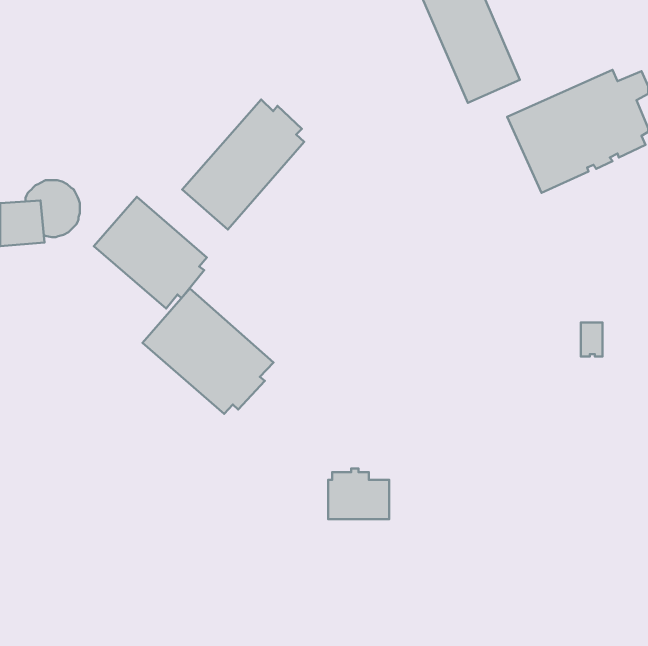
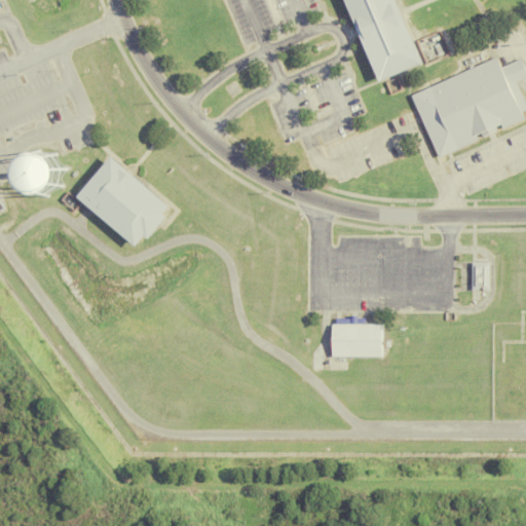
building: [182,100,304,230] -> none
building: [143,289,273,414] -> none
building: [328,468,389,519] -> [332,314,381,355]

